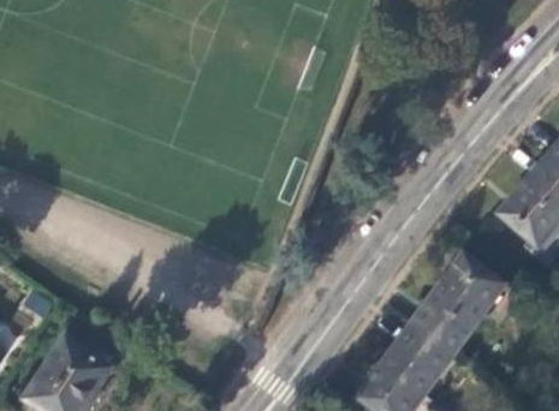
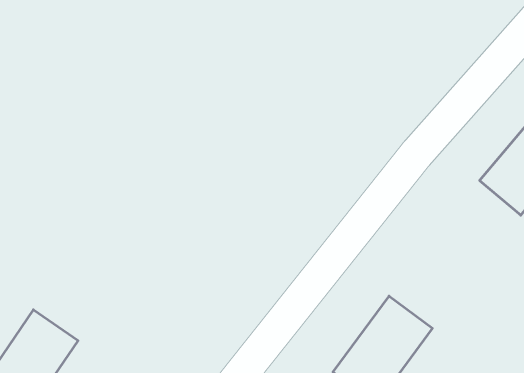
building: [410,251,504,355] -> none

